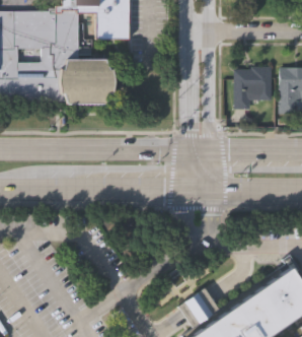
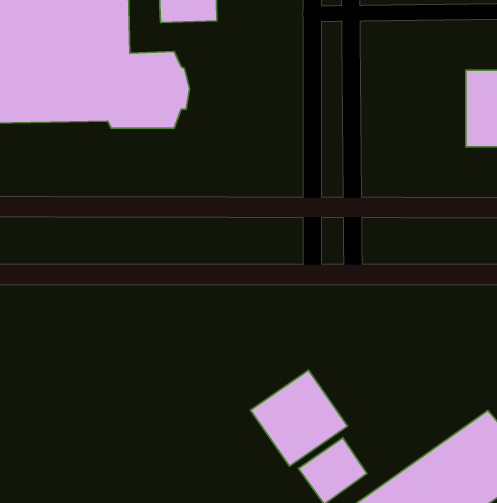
building: [233,67,272,109] -> none
building: none -> [251,370,347,466]

